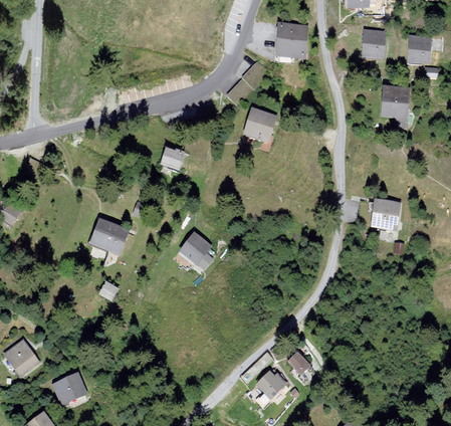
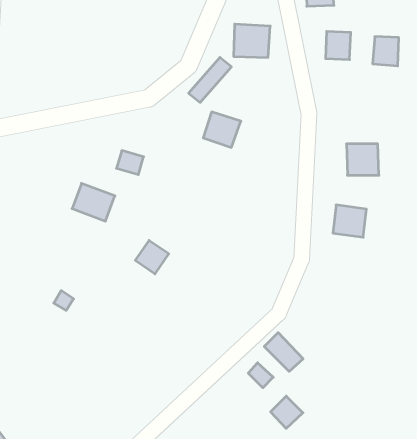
building: [381,87,412,118] -> [346,144,379,175]
building: [88,219,130,255] -> [72,183,115,221]
building: none -> [264,333,303,371]
building: [256,368,287,399] -> [271,396,303,428]
building: [52,369,88,405] -> none

